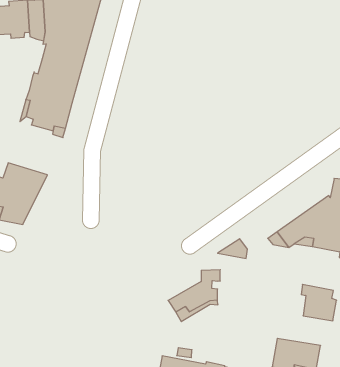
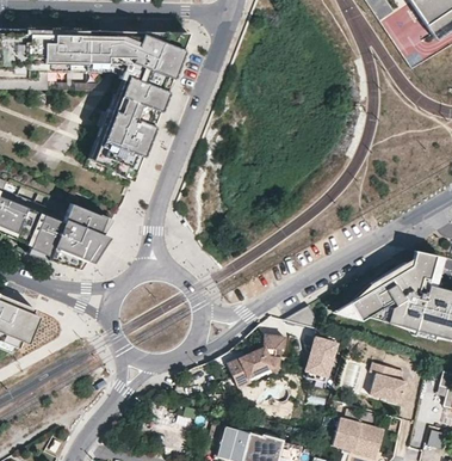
building: none -> [307,337,340,377]

